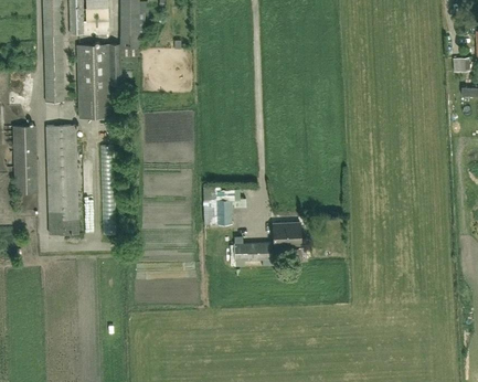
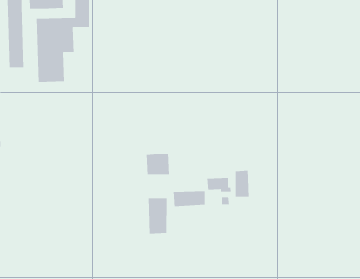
building: [45,125,79,234] -> none
building: none -> [235,170,250,197]
building: none -> [148,198,167,235]

